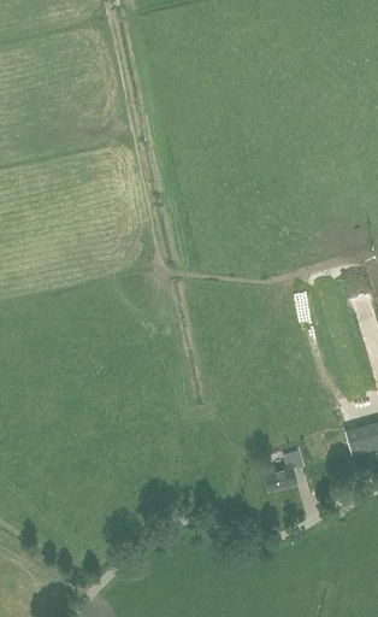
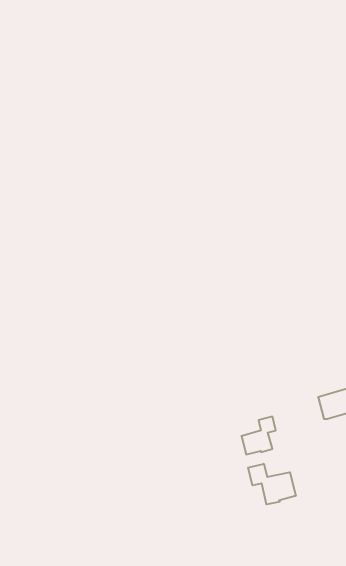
building: none -> [248,464,296,504]

